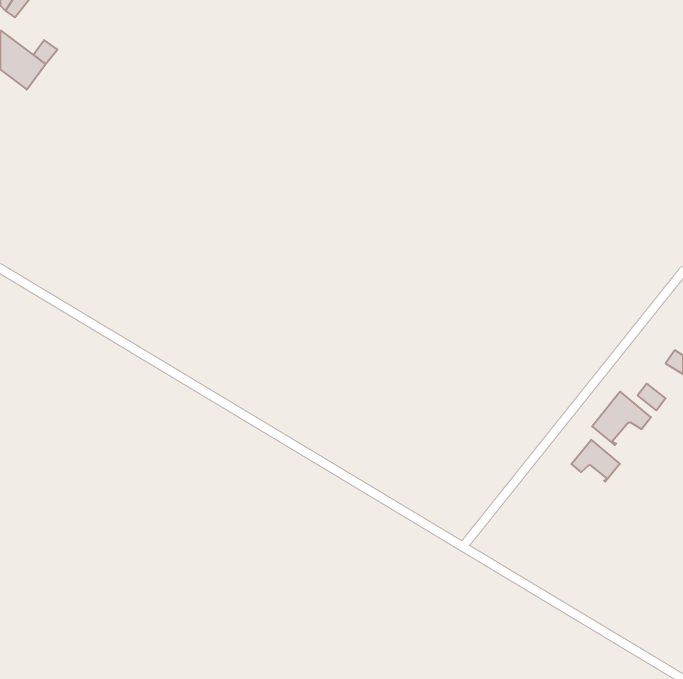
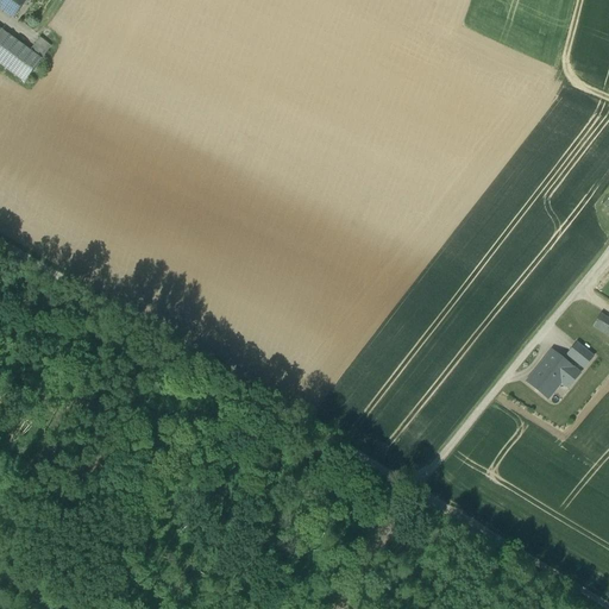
building: [571,440,620,482] -> none

